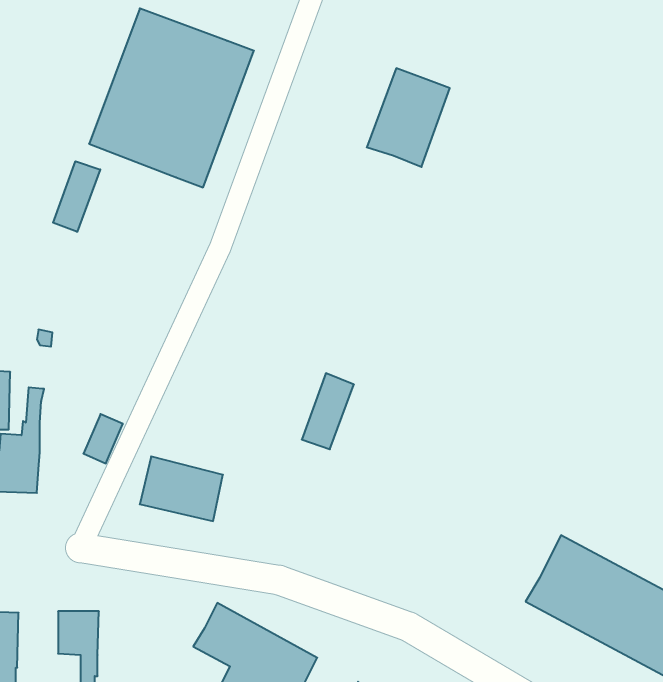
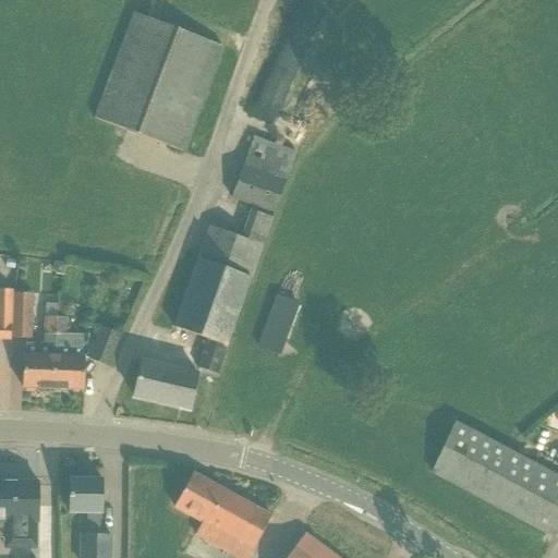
building: [367,68,450,167] -> [231,135,295,211]
building: [53,161,100,232] -> none
building: none -> [173,208,271,373]
building: none -> [53,305,85,387]

